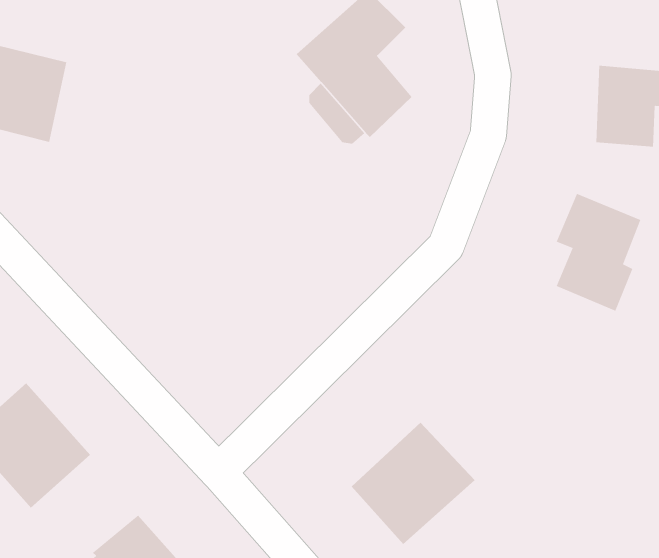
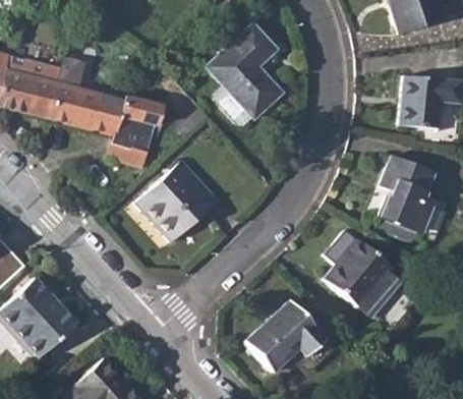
building: none -> [50,69,160,166]
building: none -> [139,162,220,243]
building: none -> [325,240,393,314]

